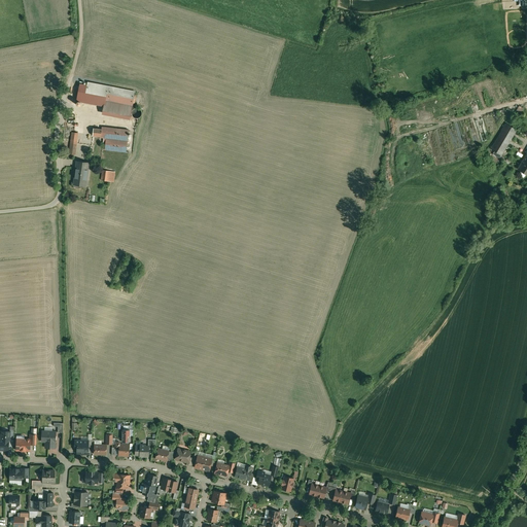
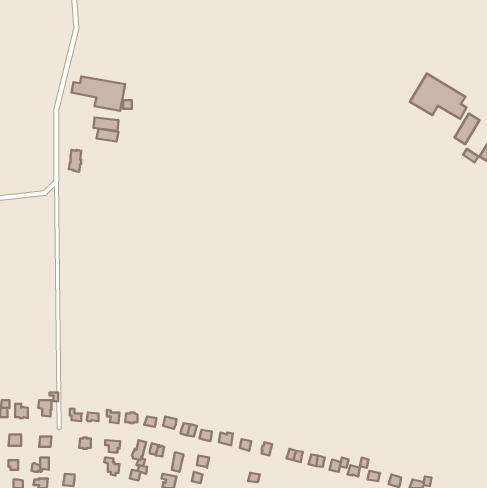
building: none -> [410,73,467,119]

